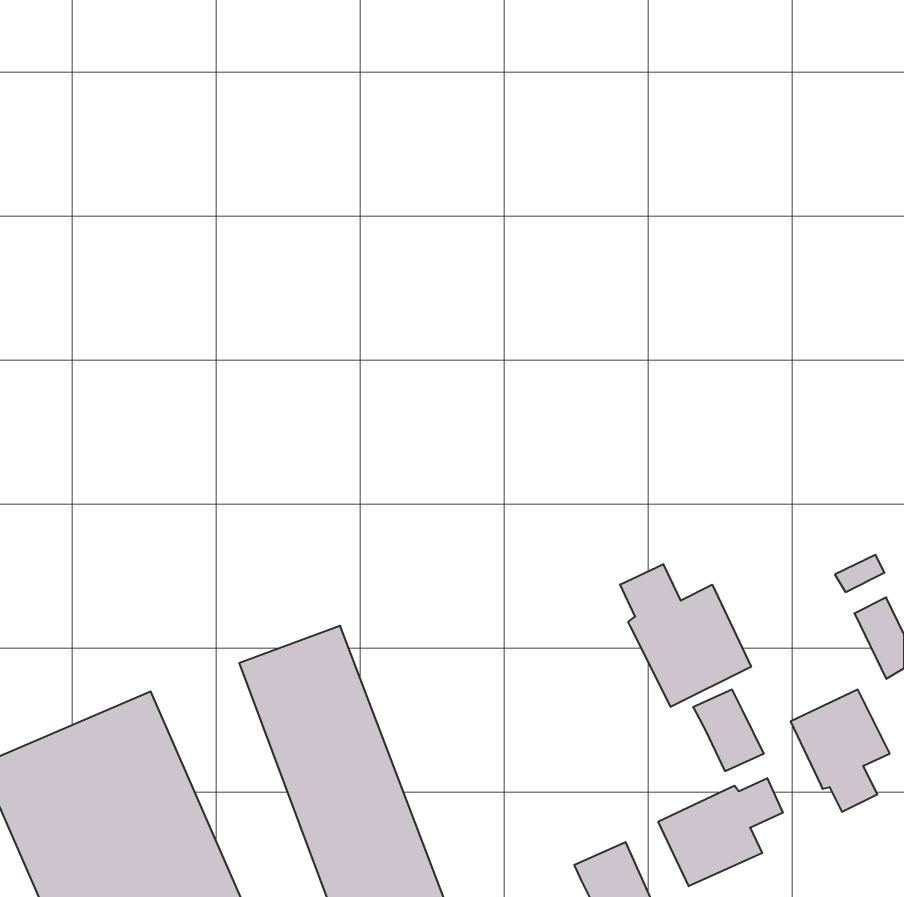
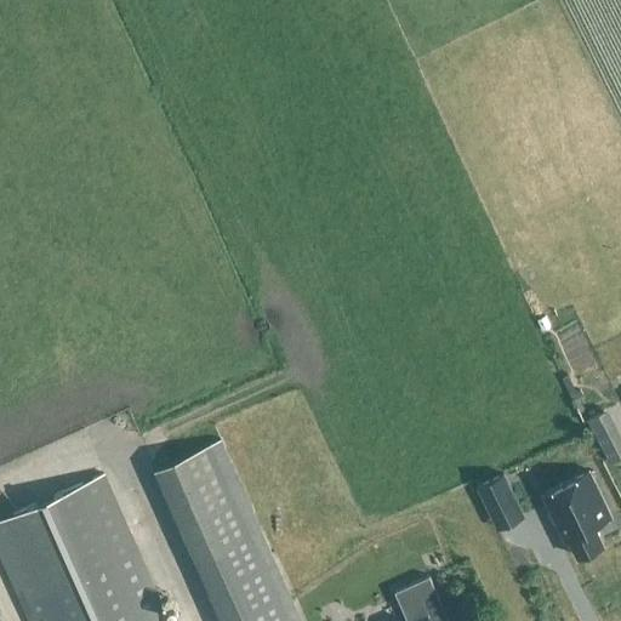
building: [620,564,751,707] -> none
building: [658,778,783,886] -> none

